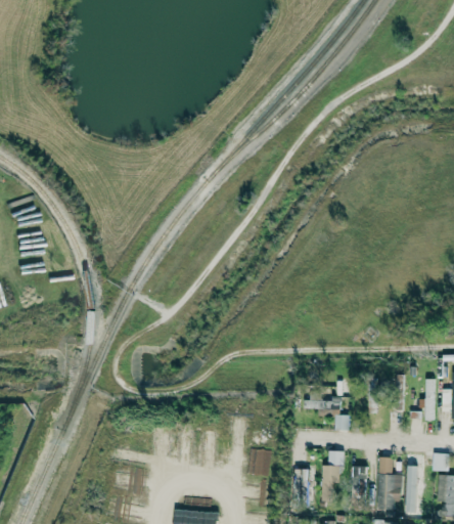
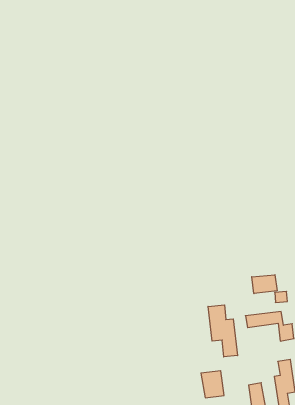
building: none -> [252,275,277,294]
building: none -> [208,305,238,357]

